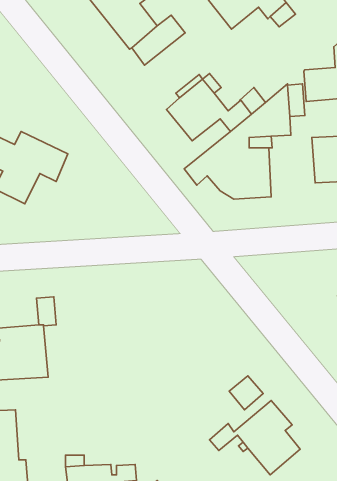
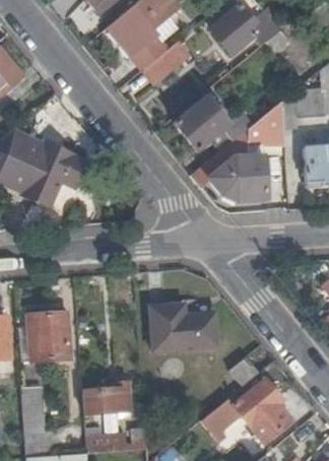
building: none -> [152,304,218,350]
building: none -> [85,381,134,413]

